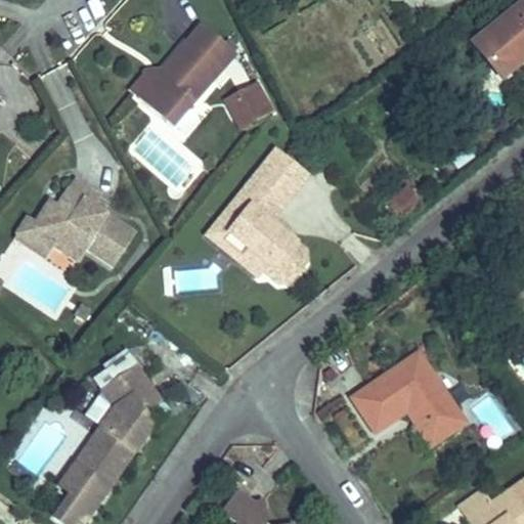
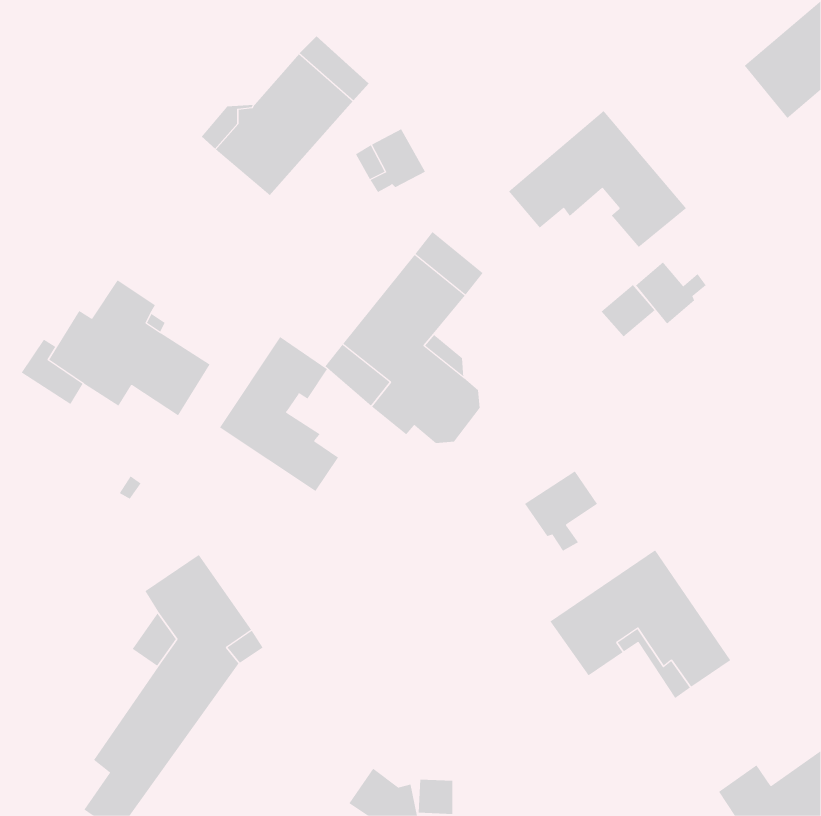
building: none -> [508,110,687,248]
building: none -> [635,261,707,324]
building: none -> [219,336,339,492]
building: none -> [524,471,598,552]

